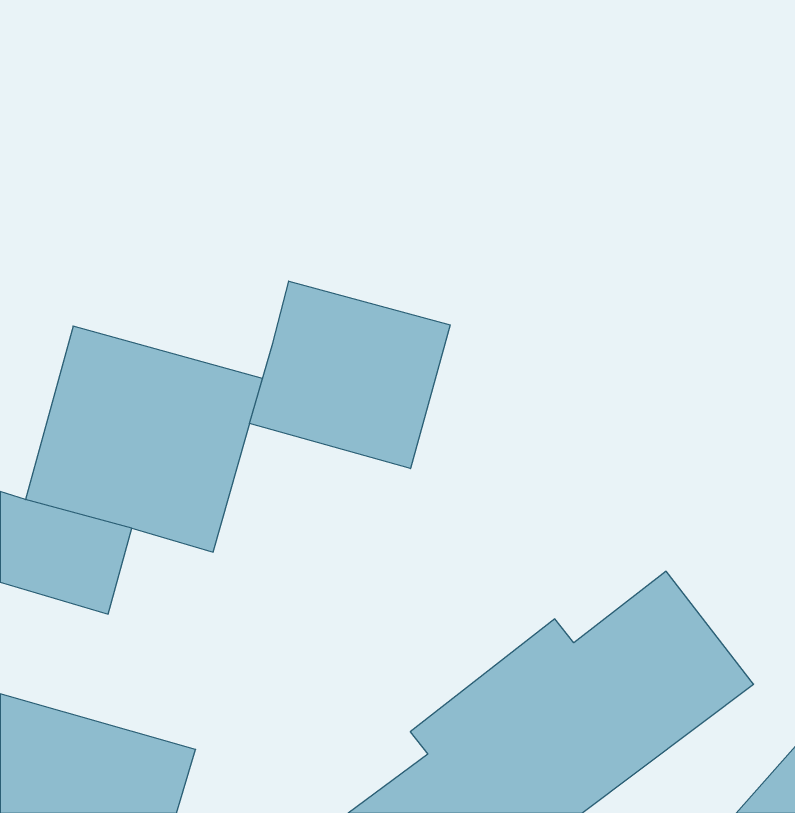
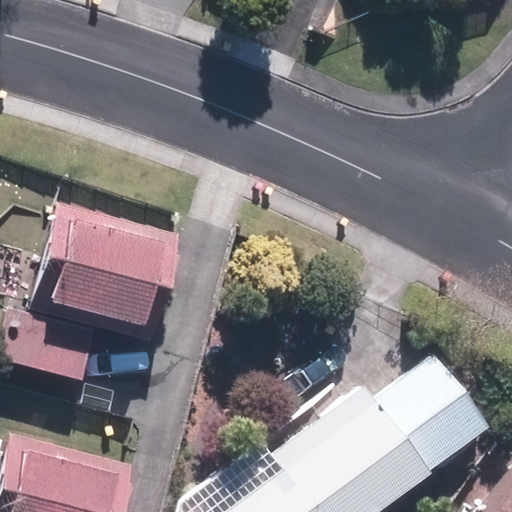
building: [250,281,450,469] -> none

